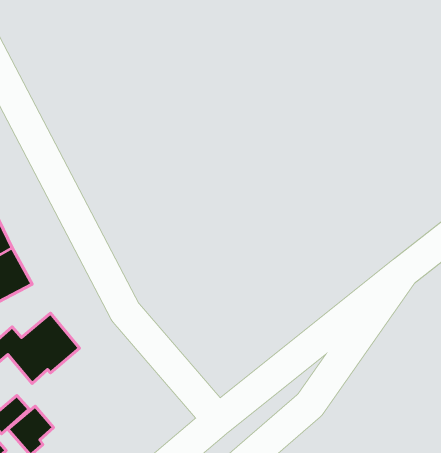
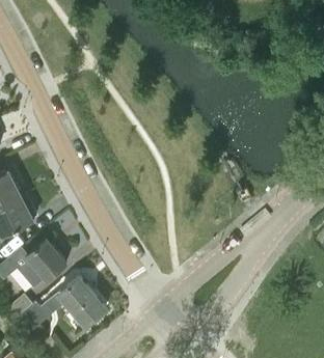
building: none -> [58,280,105,328]

